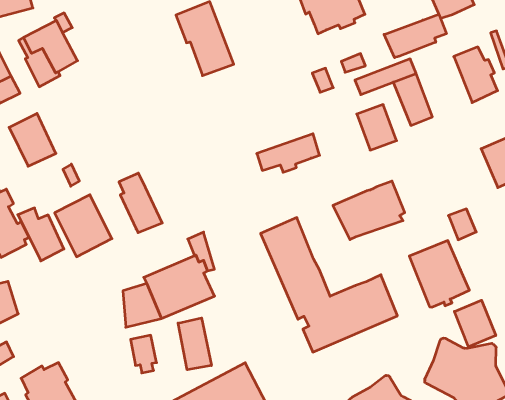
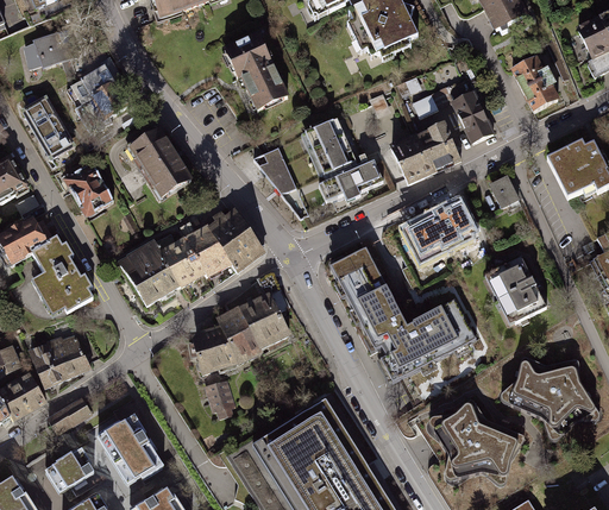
building: [384,14,446,58] -> none
building: none -> [127,128,192,199]
building: none -> [304,118,356,176]
building: none -> [253,146,309,218]
building: none -> [391,136,434,183]
building: none -> [208,210,260,271]
building: [18,208,64,261] -> [152,232,202,285]
building: [448,209,476,240] -> [490,177,520,209]
building: [454,300,496,347] -> none
building: [178,318,211,370] -> none

